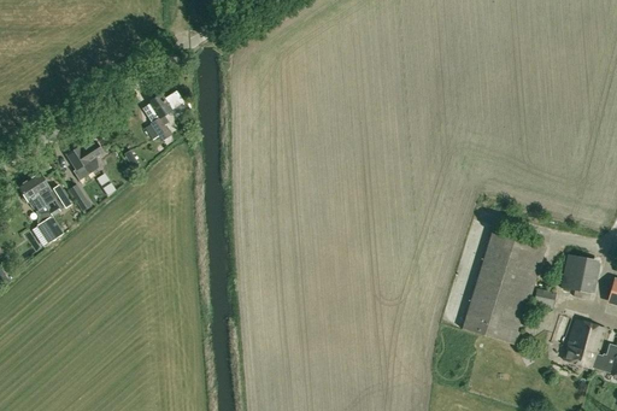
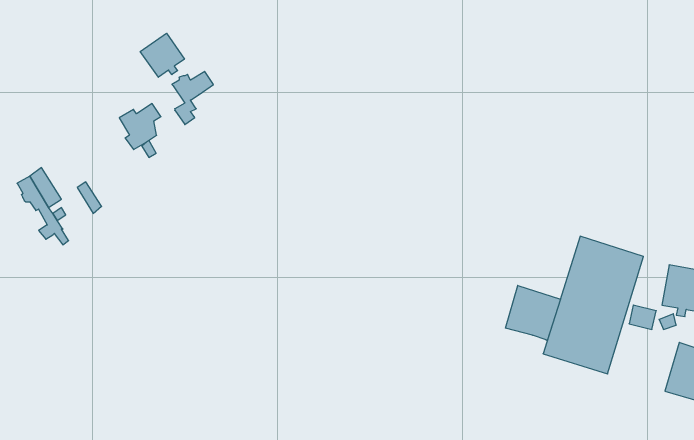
building: none -> [140,33,184,77]
building: [69,141,104,180] -> [119,104,161,150]
building: none -> [505,285,560,341]

